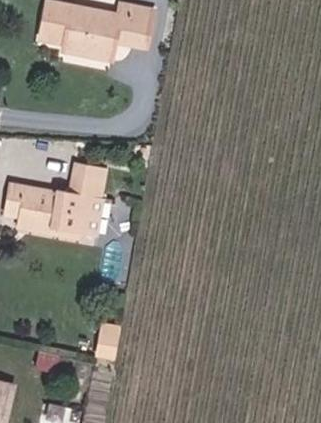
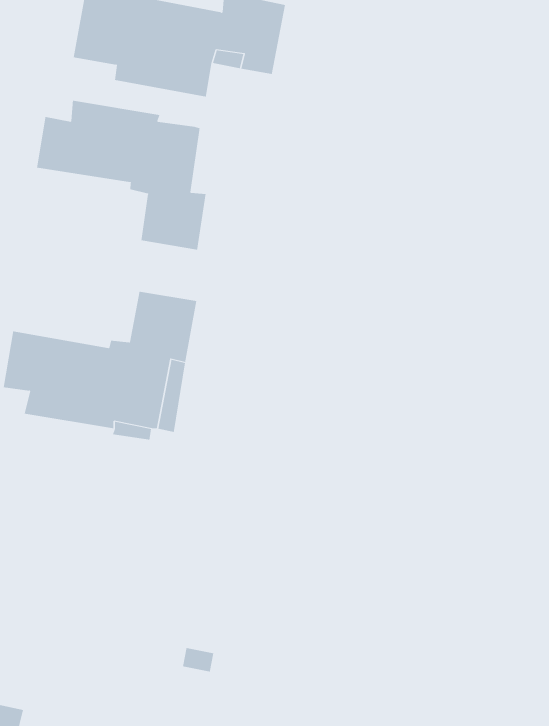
building: none -> [37,100,206,251]

